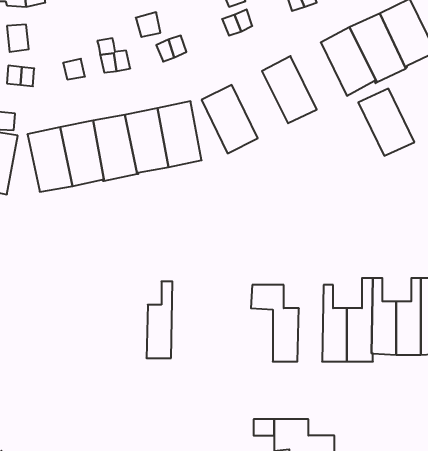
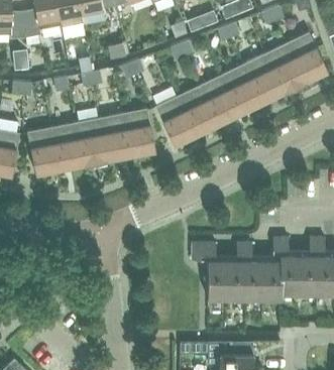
building: none -> [177,86,218,135]
building: [358,89,414,156] -> [220,65,261,114]
building: [146,281,172,358] -> [225,243,244,299]

